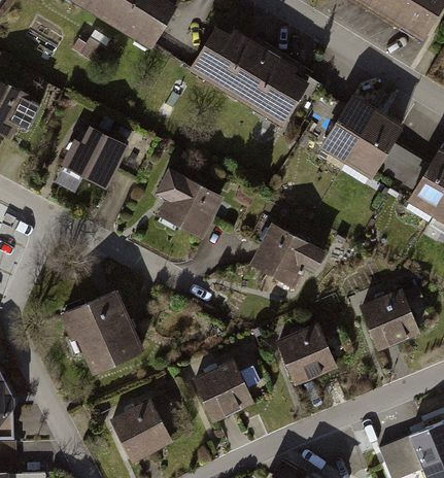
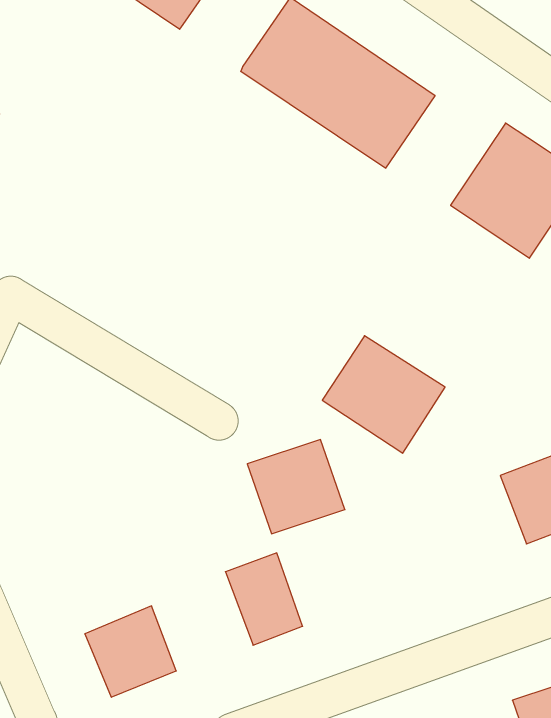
building: [68,126,127,186] -> none
building: [156,168,220,234] -> none
building: [64,288,143,372] -> none
building: [276,325,338,384] -> [247,440,345,534]

